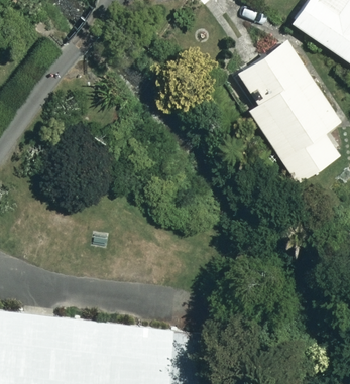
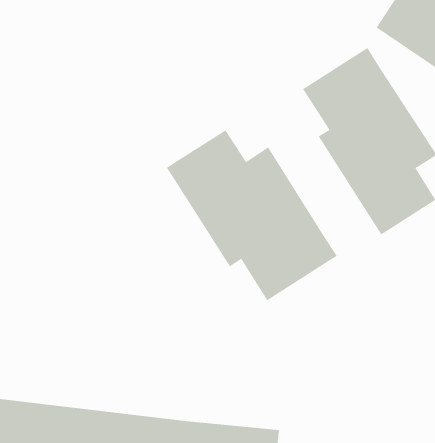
building: none -> [166,130,338,301]

